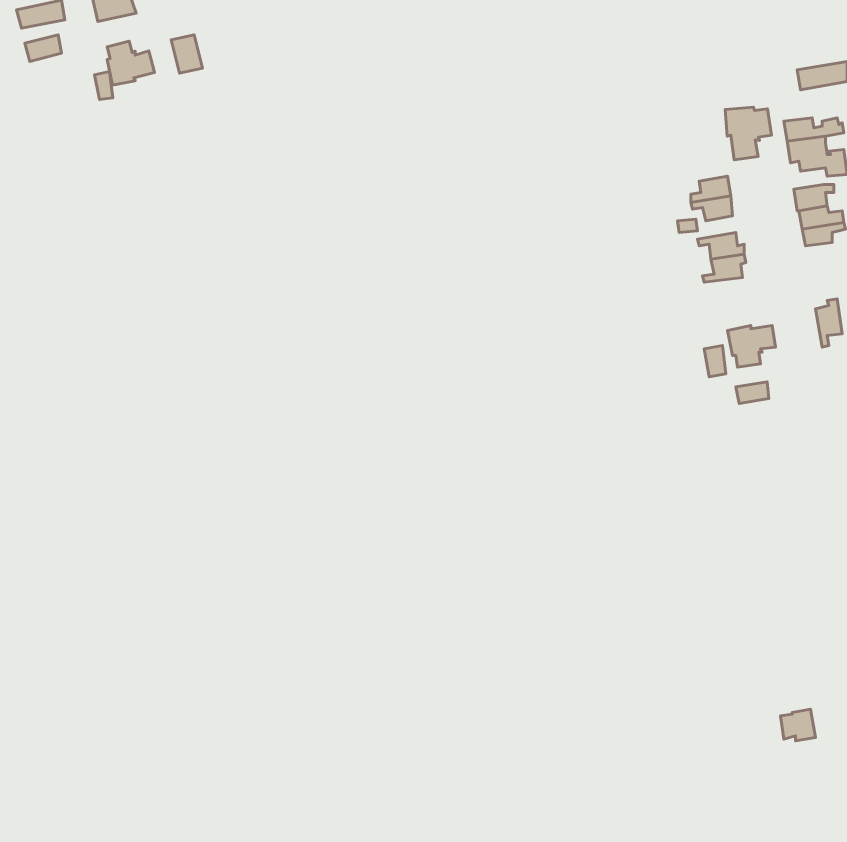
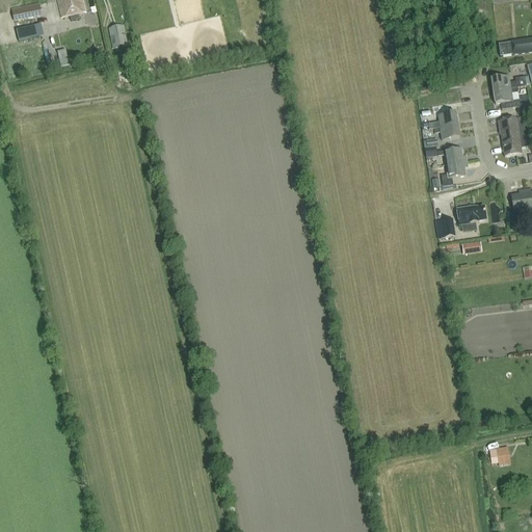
building: [107,41,154,85] -> none
building: [725,107,771,160] -> none

